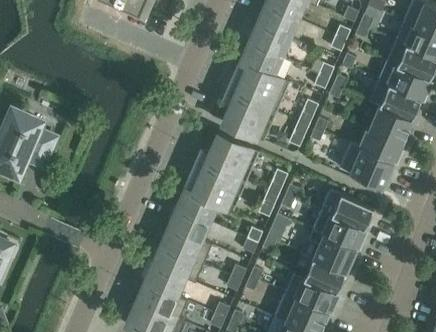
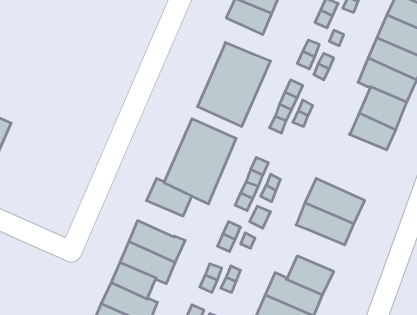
building: [240,43,282,76] -> none
building: [339,142,394,187] -> none
building: [169,208,210,241] -> none
building: [307,230,356,272] -> none

